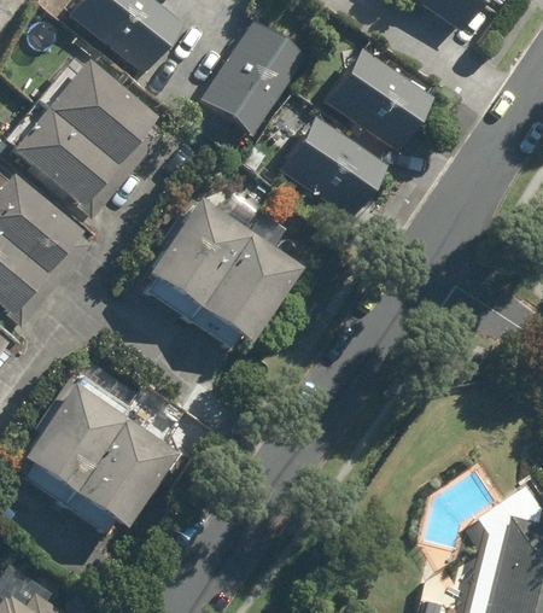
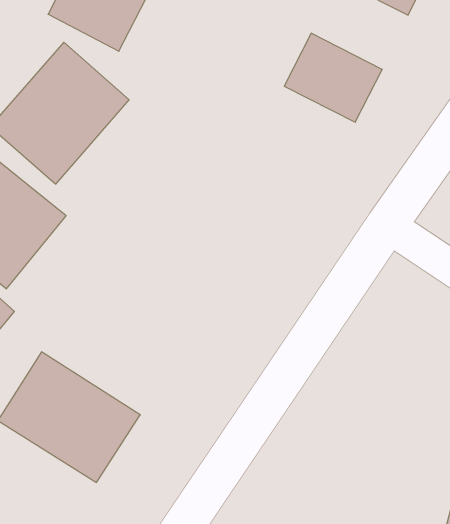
building: [205,22,306,132] -> none
building: [284,124,389,220] -> none
building: [142,198,302,346] -> none

